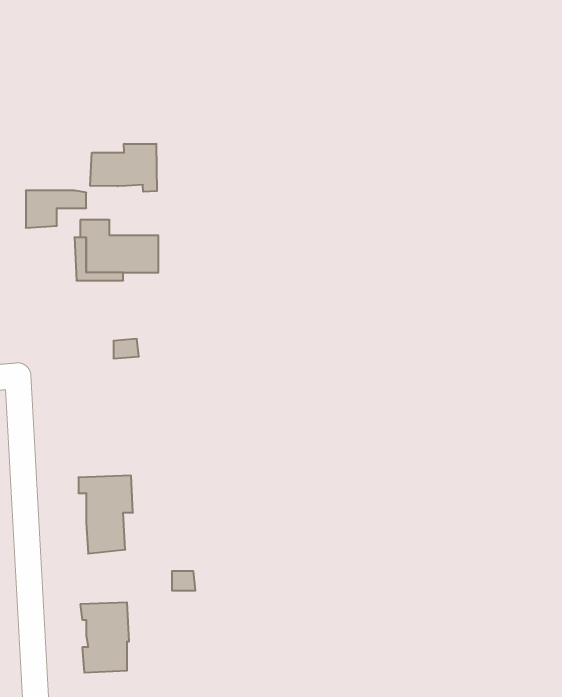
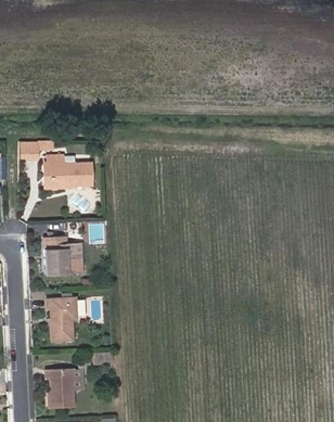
building: [90,144,157,192] -> none
building: none -> [43,235,81,274]

